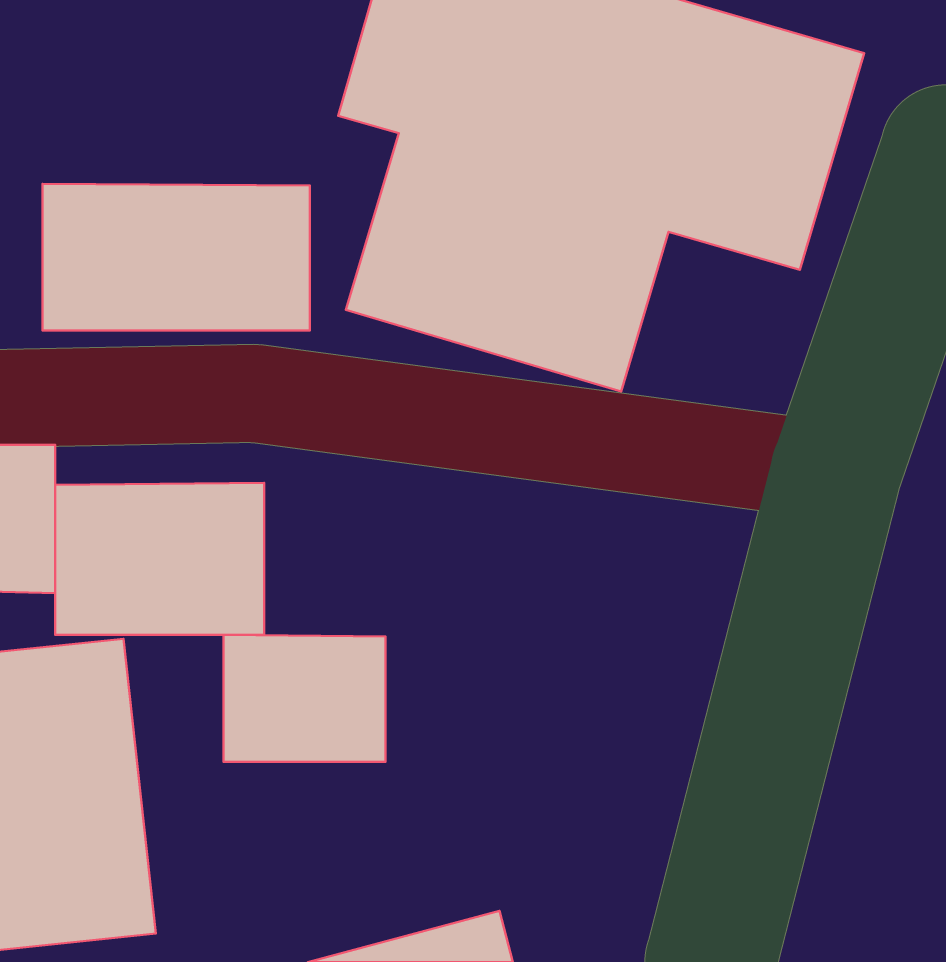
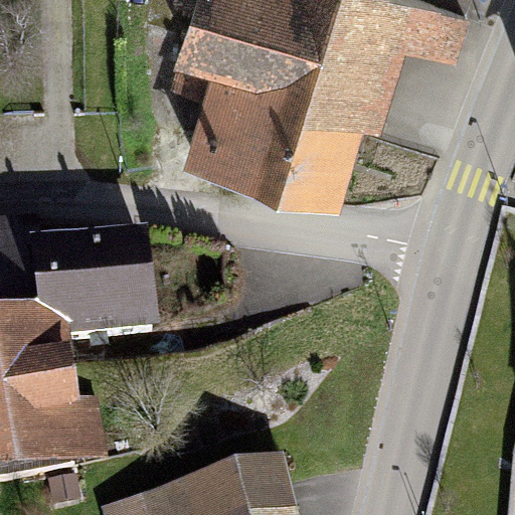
building: [42,184,310,330] -> none
building: [223,635,385,762] -> none

